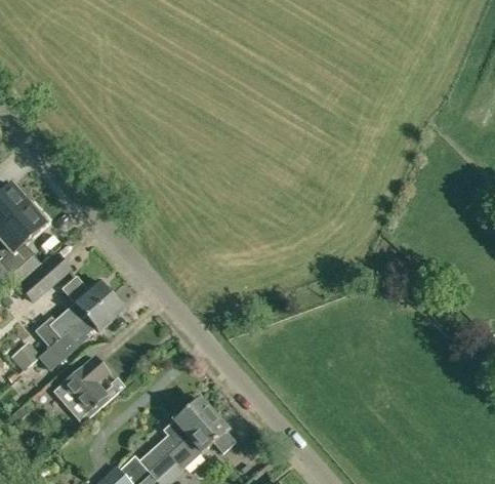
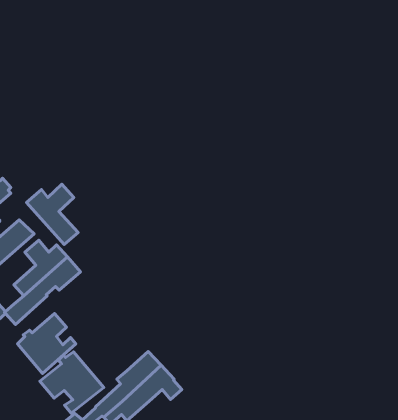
building: none -> [26,184,78,245]
building: none -> [40,352,104,413]

